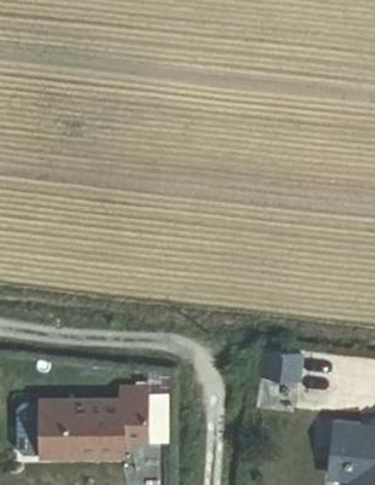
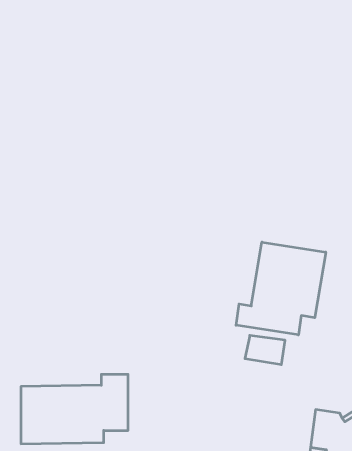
building: none -> [236,242,326,335]

